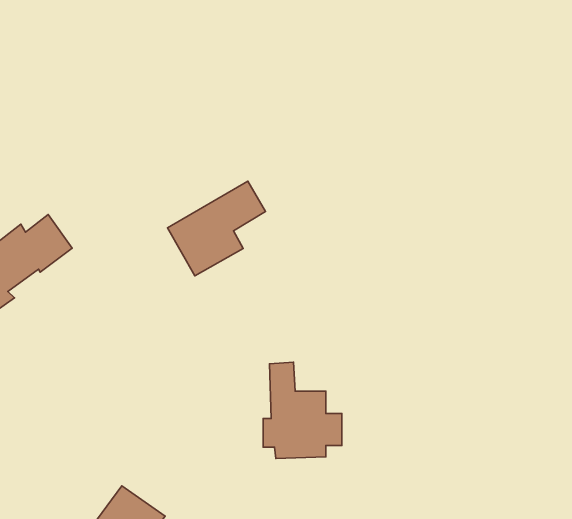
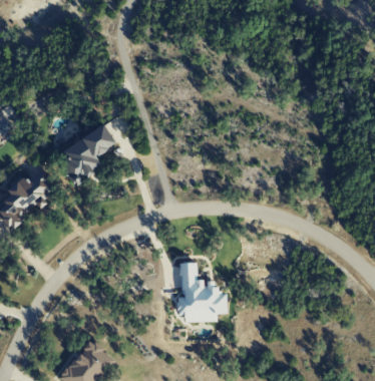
building: [168,181,266,276] -> [55,123,116,182]

